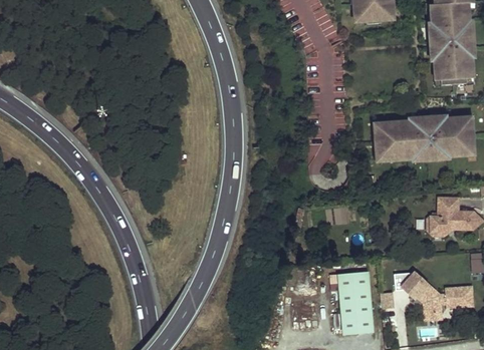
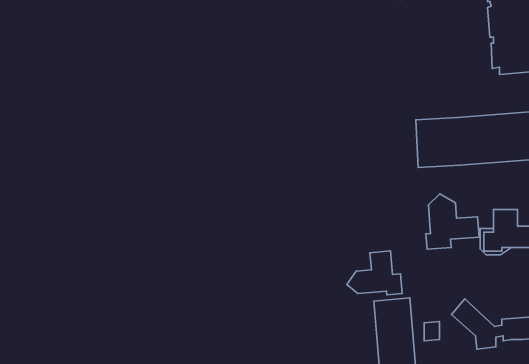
building: none -> [426,194,479,249]
building: none -> [347,251,402,295]

